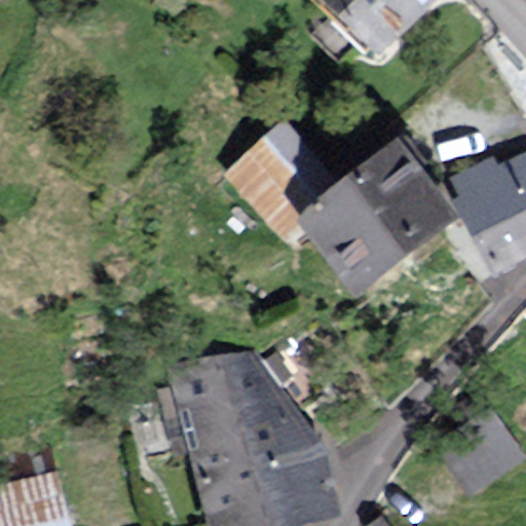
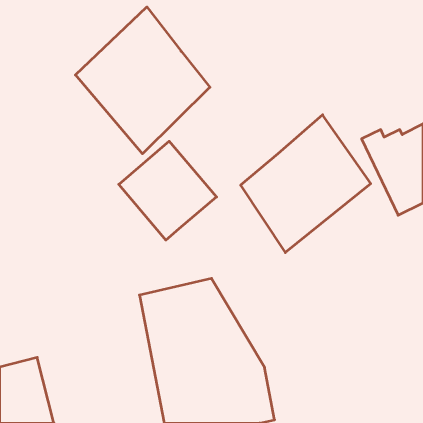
building: none -> [75,7,210,154]
building: [223,121,344,243] -> [119,141,217,240]

